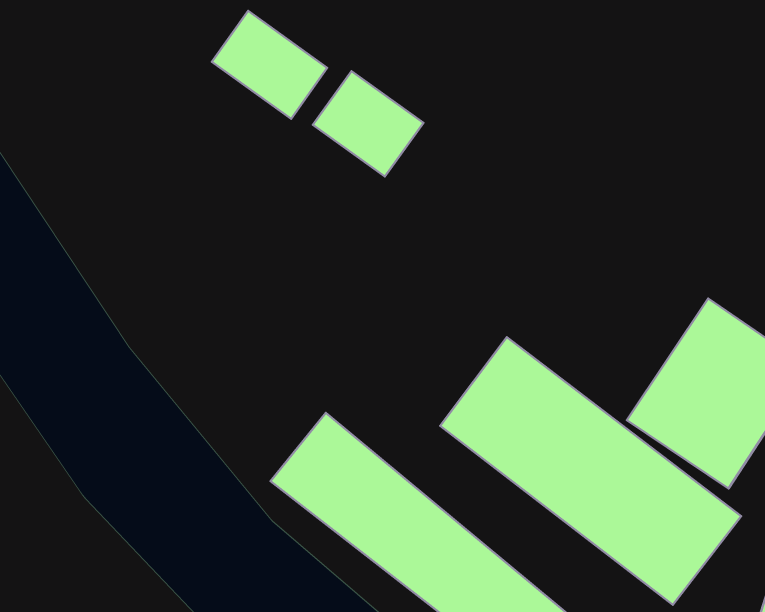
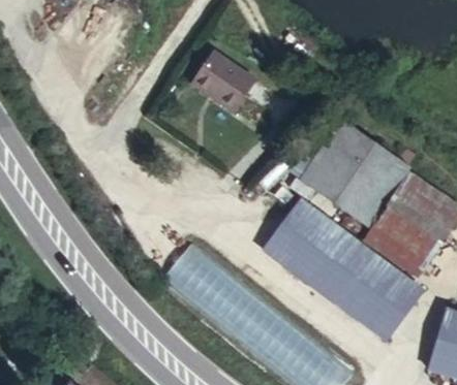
building: [212,11,327,119] -> none
building: none -> [298,116,407,225]

